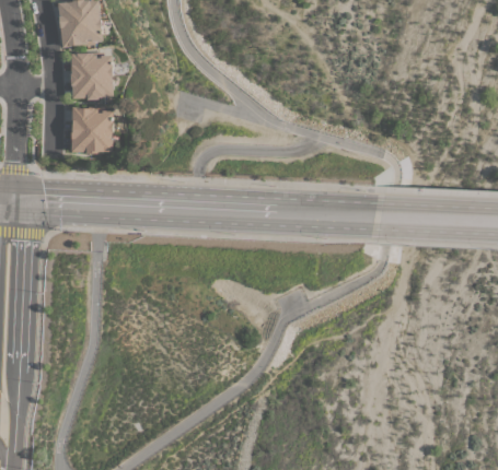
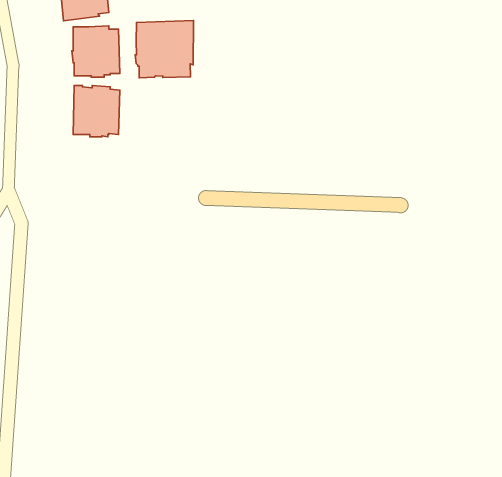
building: none -> [135,21,193,78]

